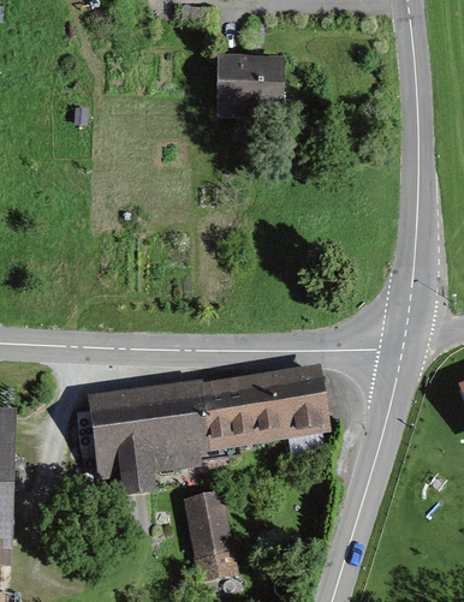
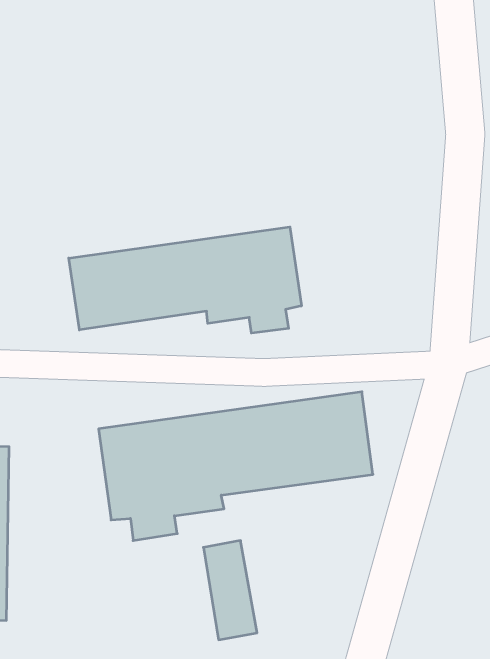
building: [215,55,288,118] -> none
building: none -> [69,227,301,333]

